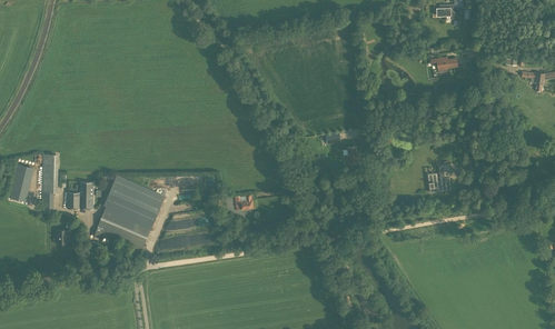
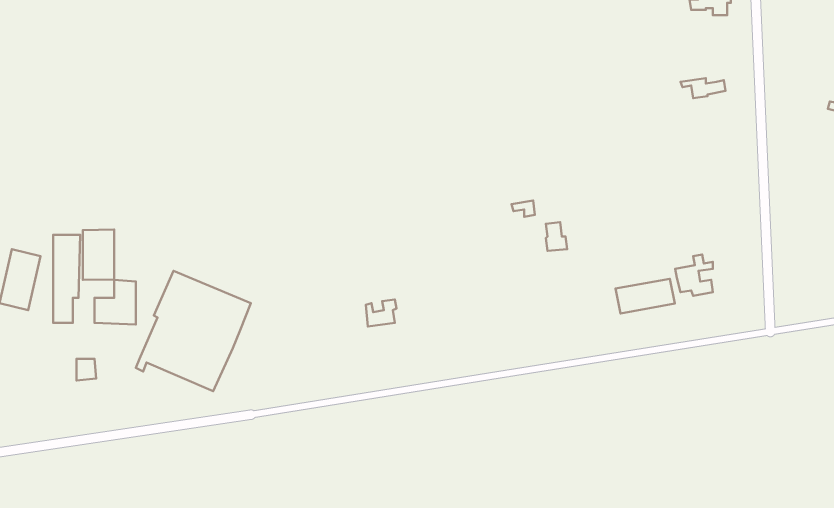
building: none -> [83,230,114,280]
building: none -> [615,279,675,314]

